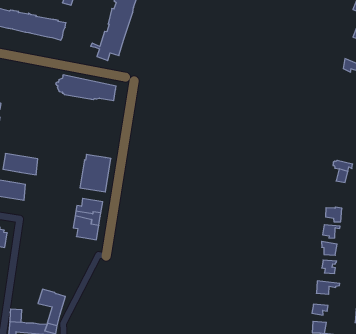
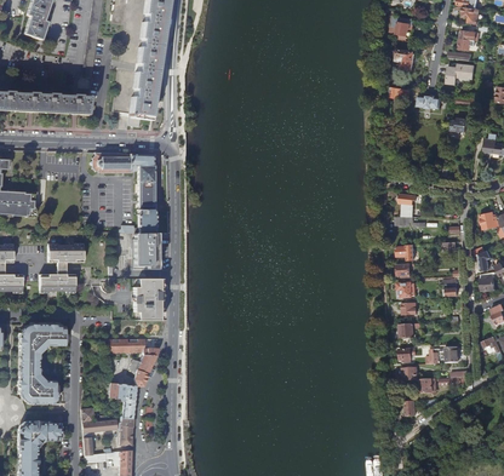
building: none -> [138,170,155,231]
building: none -> [108,338,157,385]

